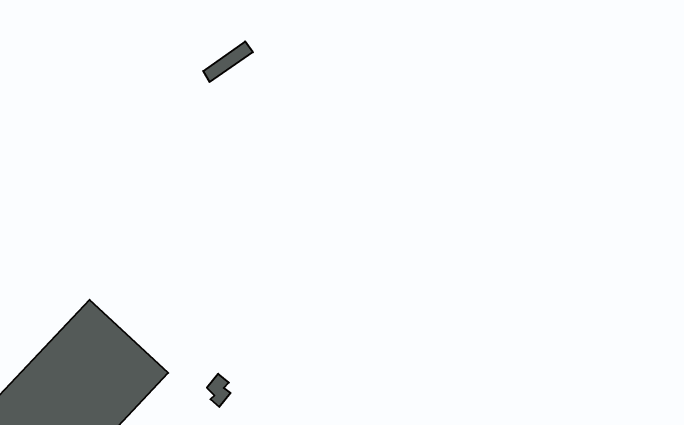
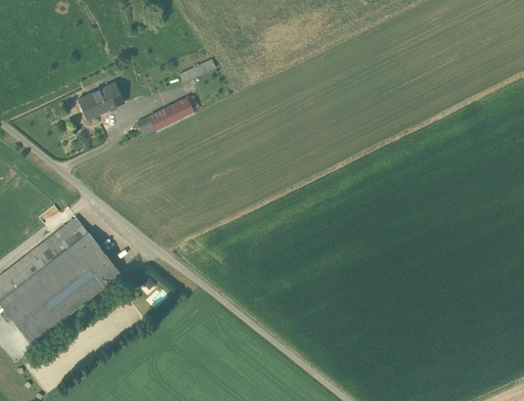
building: none -> [75,82,124,123]
building: none -> [136,97,194,135]

